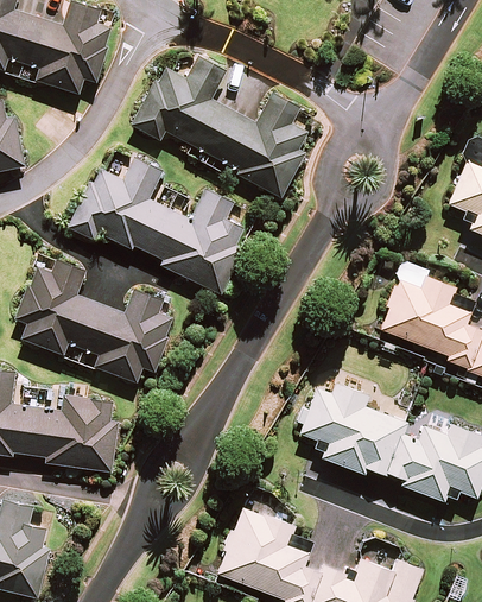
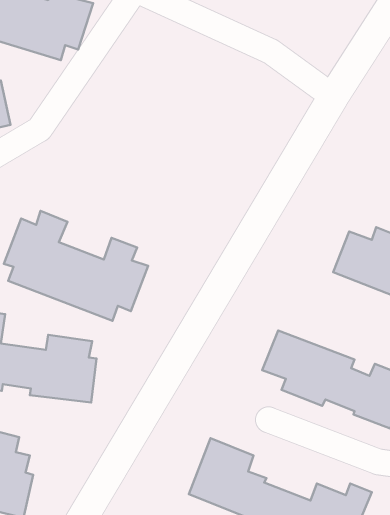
building: [132,57,307,197] -> none
building: [68,159,242,292] -> none

